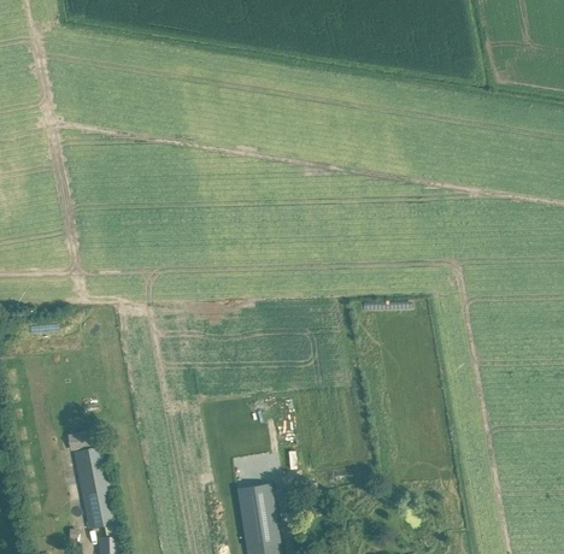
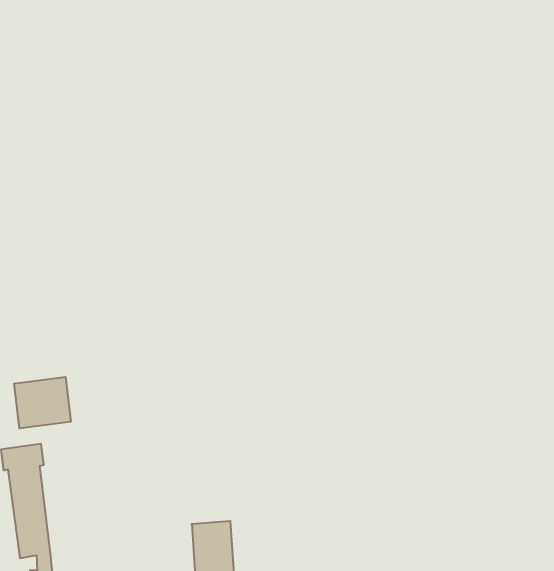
building: none -> [14,377,71,429]

